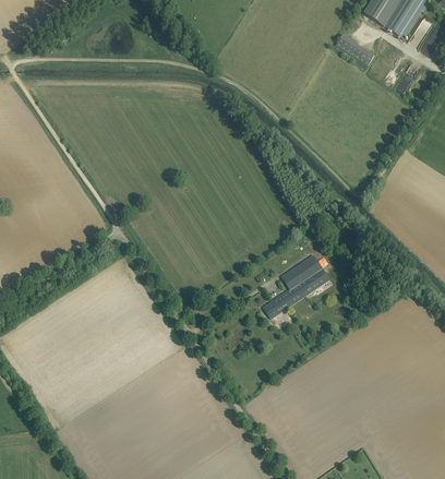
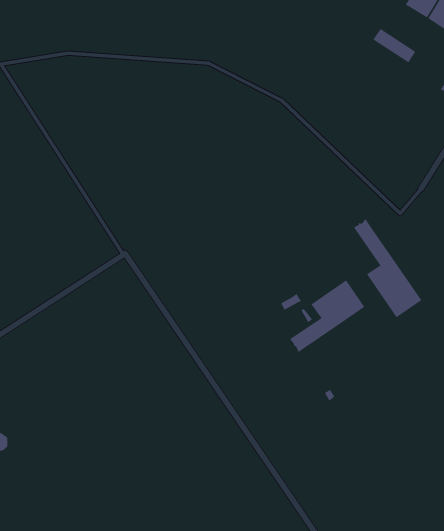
building: none -> [353,218,422,318]

